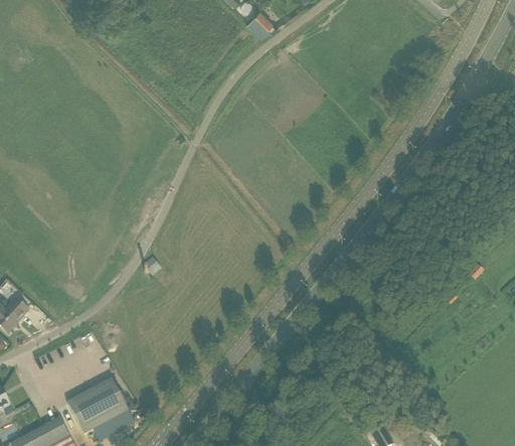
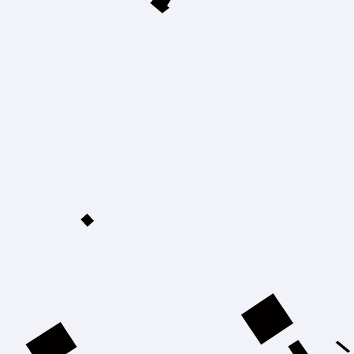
building: none -> [240,292,295,346]

